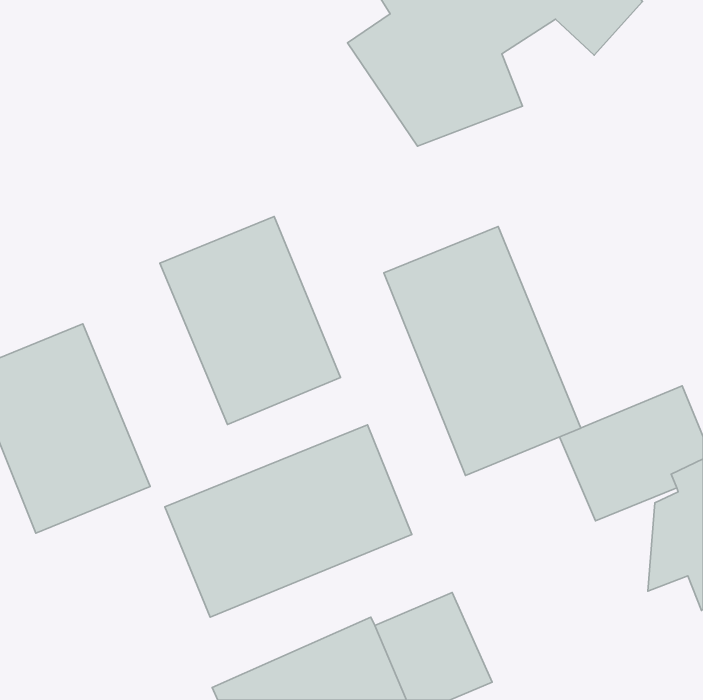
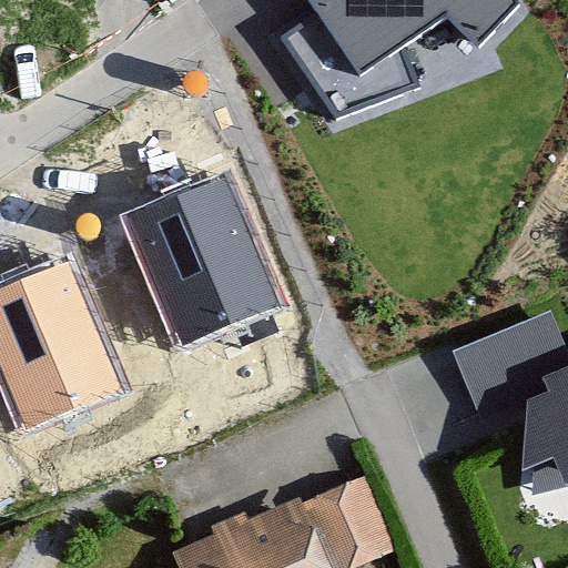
building: [384,226,581,475] -> none
building: [165,425,412,617] -> none

